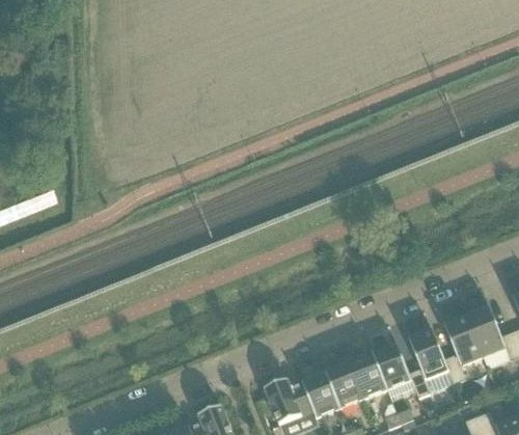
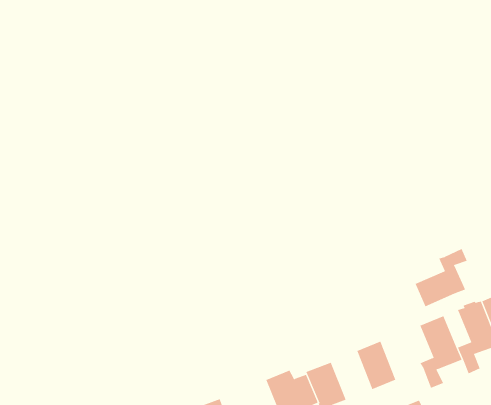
building: none -> [415,248,468,307]
building: [373,343,412,388] -> none
building: [326,361,364,407] -> none

